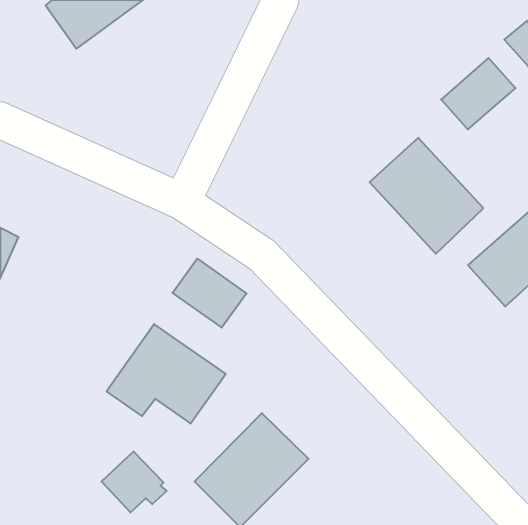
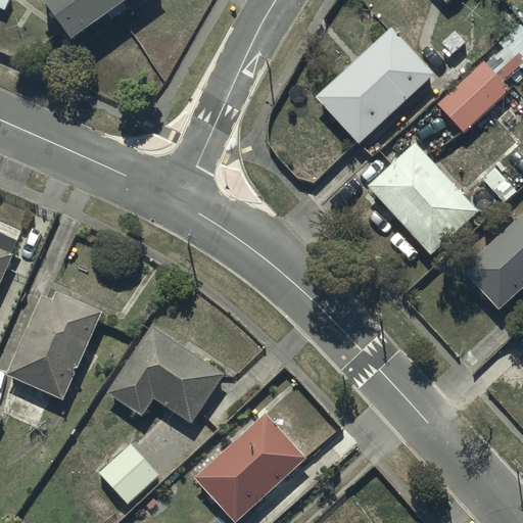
building: none -> [315,27,433,142]
building: [172,259,247,328] -> none
building: none -> [6,290,102,398]

